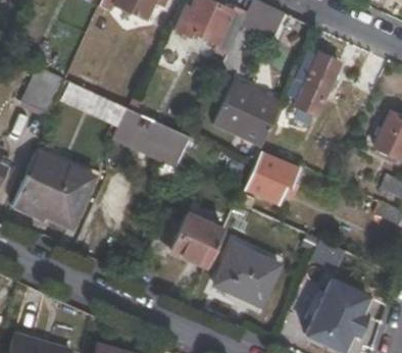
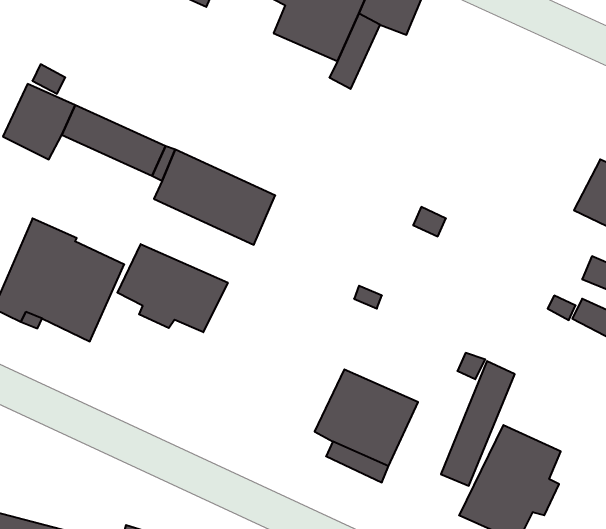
building: [290,51,340,127] -> none
building: [212,81,282,146] -> none
building: [245,152,300,206] -> none
building: none -> [117,244,228,332]
building: [171,214,223,266] -> none

